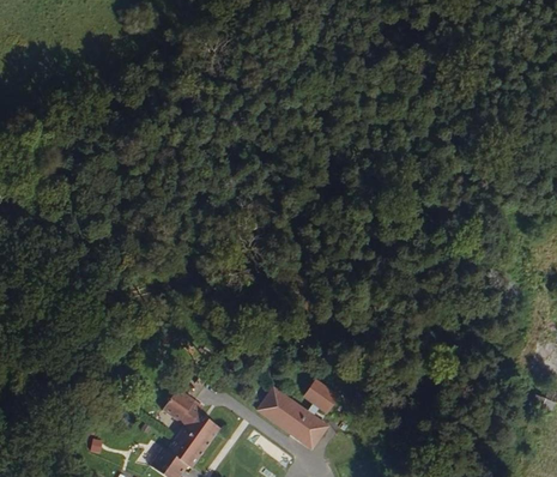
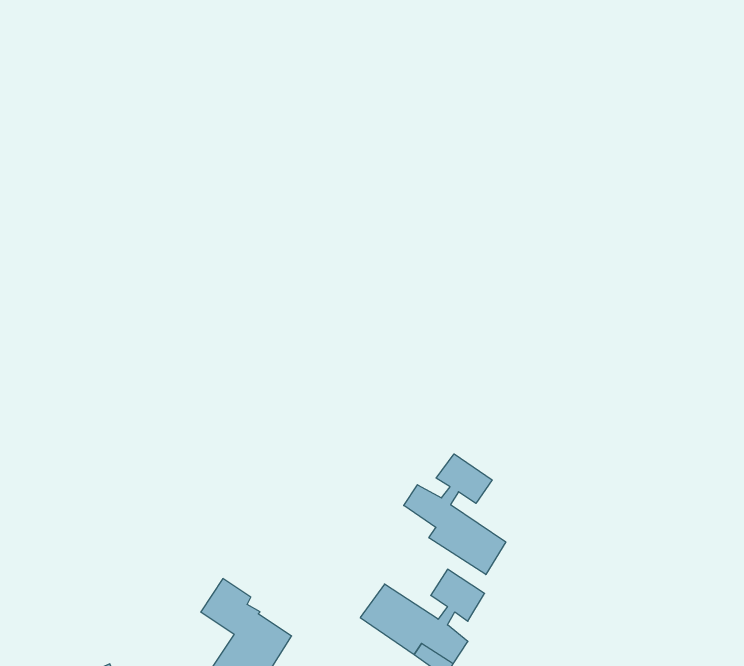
building: none -> [404,454,506,575]

